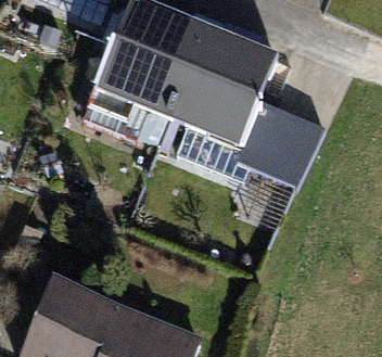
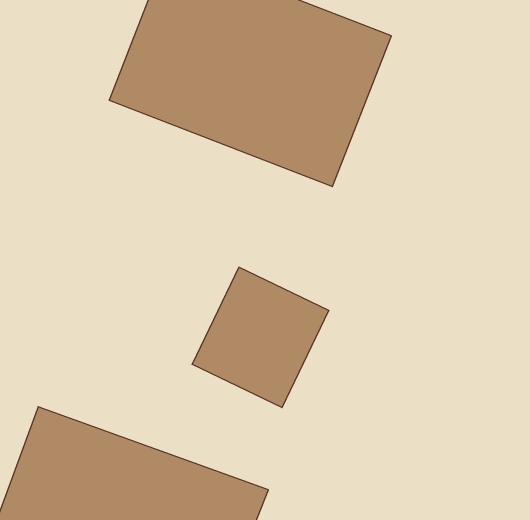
building: [241,104,327,192] -> [192,267,329,408]

